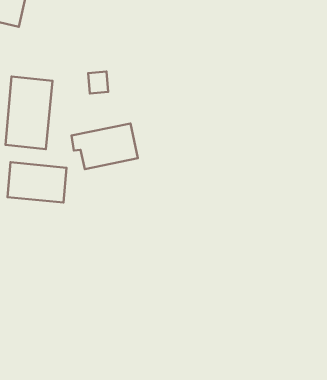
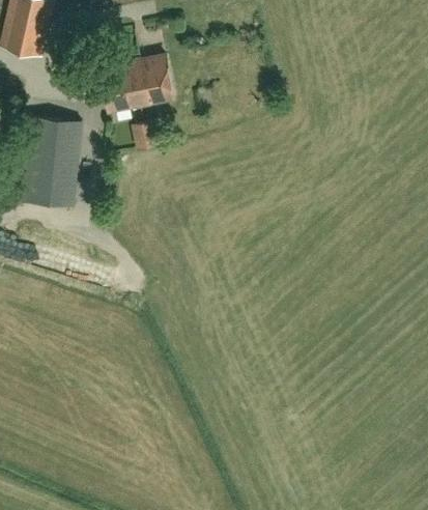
building: [71,124,138,169] -> [92,55,174,111]
building: [8,162,66,203] -> none

